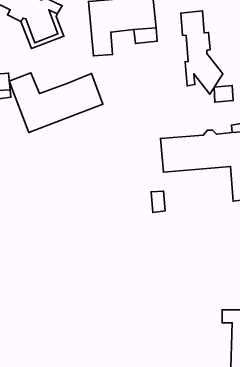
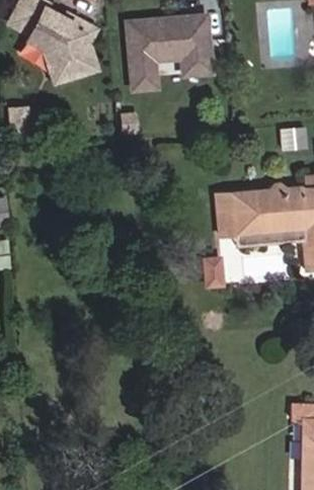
building: [181,11,223,94] -> none
building: [9,73,103,133] -> none

